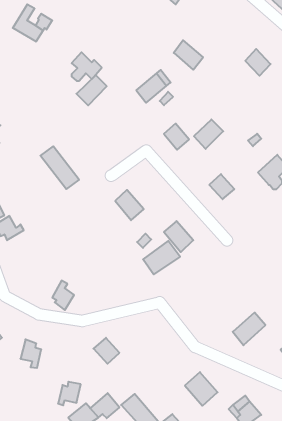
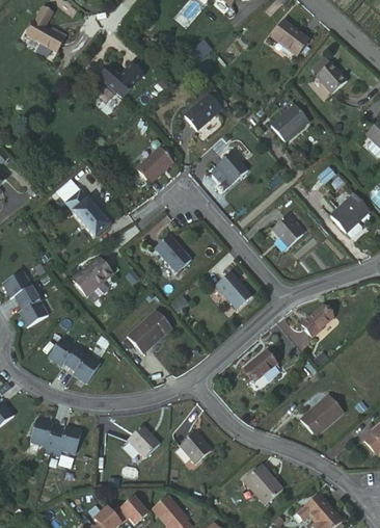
building: [174,40,203,70] -> [270,22,306,58]
building: [76,75,107,105] -> [134,146,171,183]
building: [194,119,223,149] -> [269,108,305,144]
building: none -> [73,254,114,294]
building: none -> [21,287,46,321]
building: [143,241,180,274] -> [128,311,173,352]
building: none -> [300,305,331,338]
building: none -> [53,342,88,370]
building: none -> [243,345,277,377]
building: none -> [178,431,209,463]
building: [58,382,81,405] -> [58,430,86,459]

